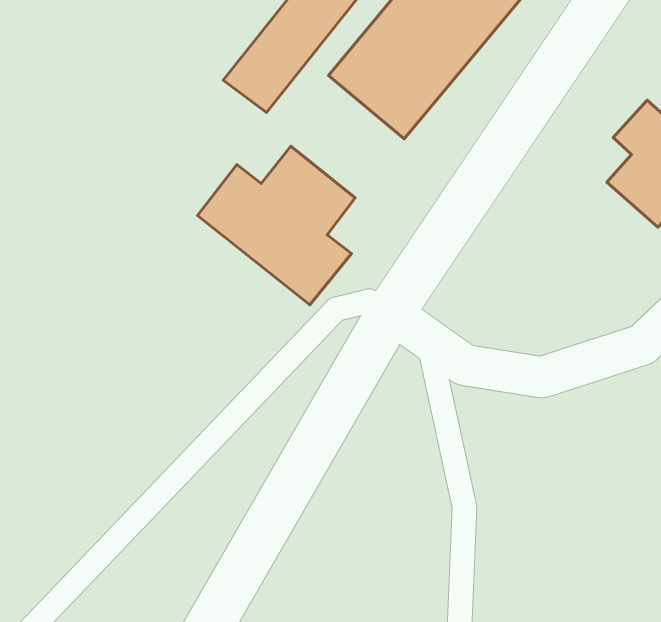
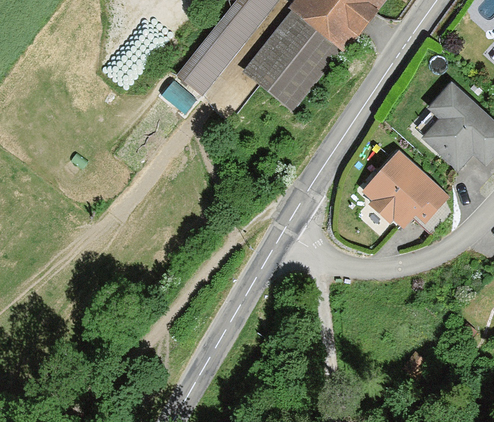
building: [197,146,355,305] -> none
building: none -> [363,152,447,228]

